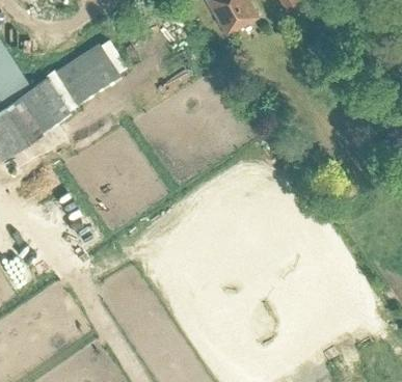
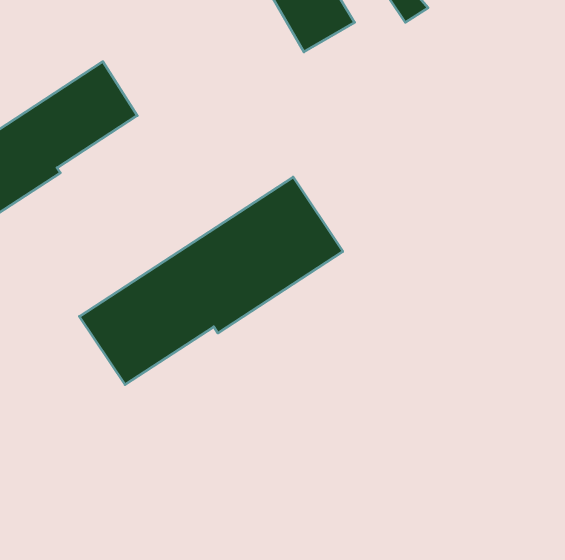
building: none -> [79,177,343,385]

